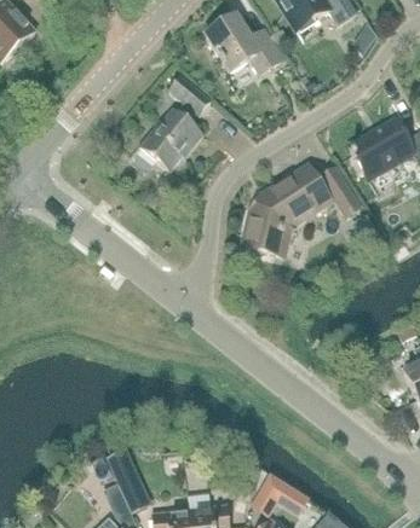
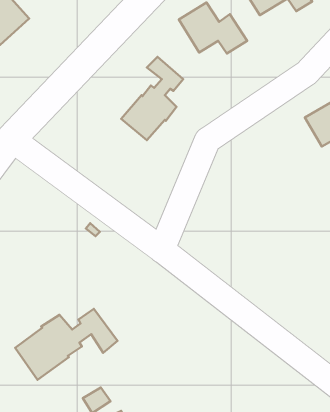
building: [242,164,359,255] -> none
building: none -> [15,309,118,380]

